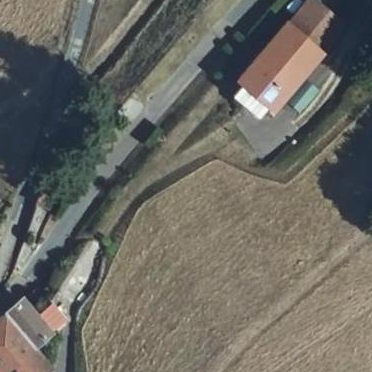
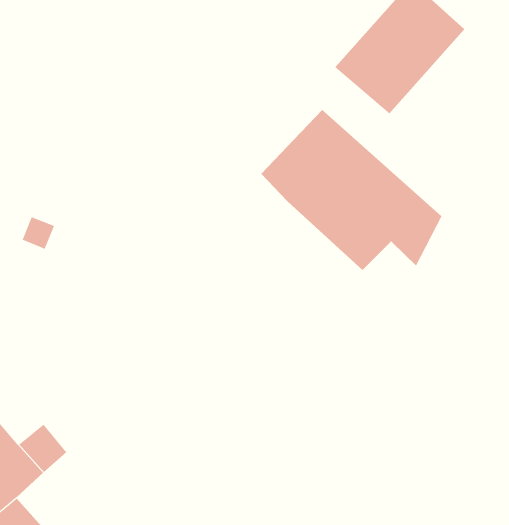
building: none -> [261,109,442,271]

